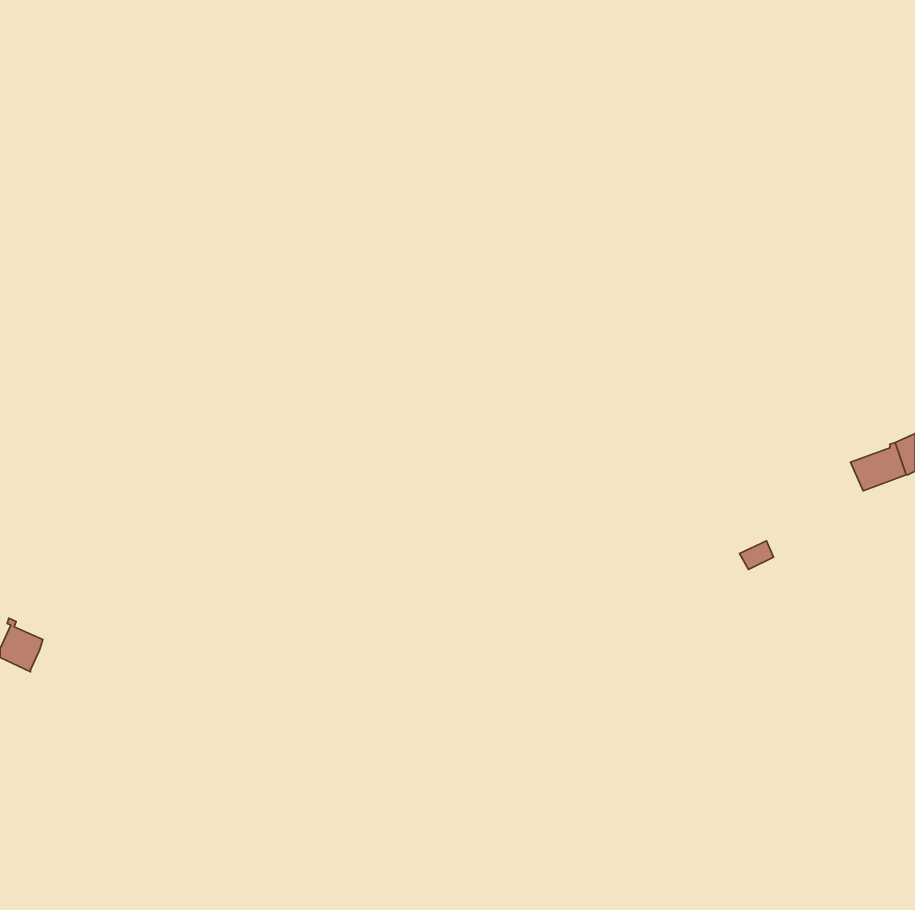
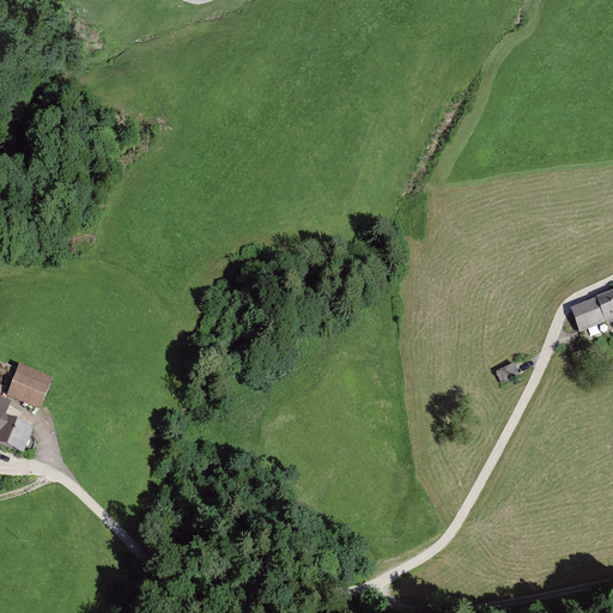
building: none -> [10,366,48,399]

